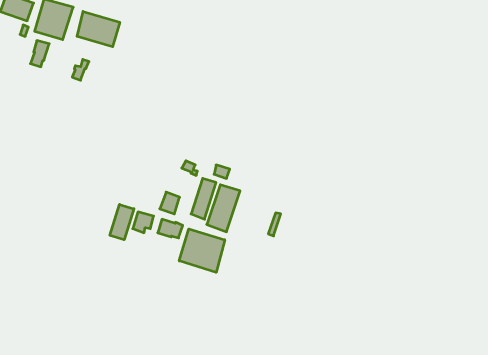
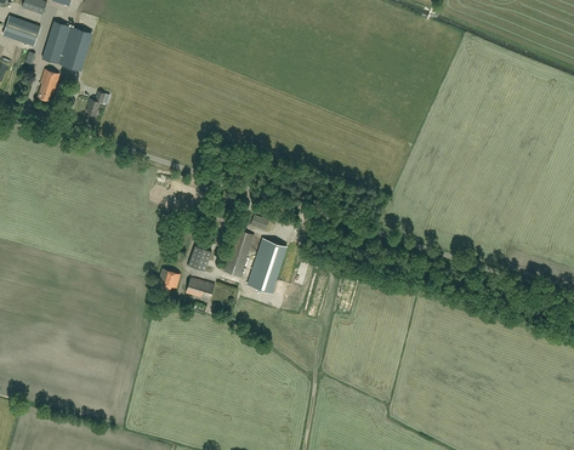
building: [77,11,120,47] -> none
building: [110,204,134,240] -> none
building: [179,229,225,272] -> none

